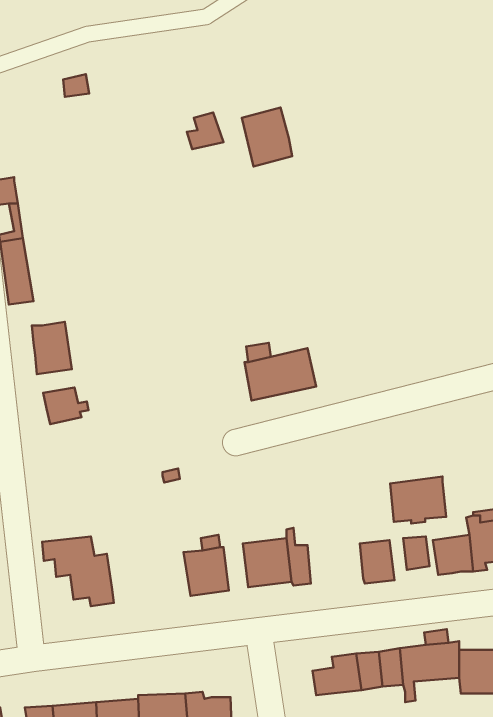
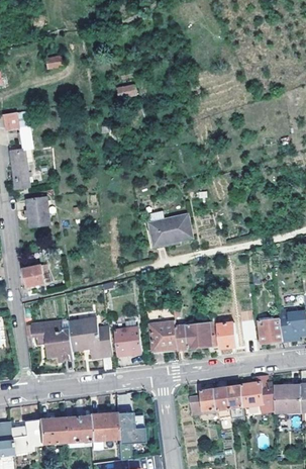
building: [242,107,292,167] -> none
building: [43,387,89,424] -> [23,266,49,287]
building: [390,477,446,524] -> [187,322,219,350]
building: none -> [69,322,112,359]

